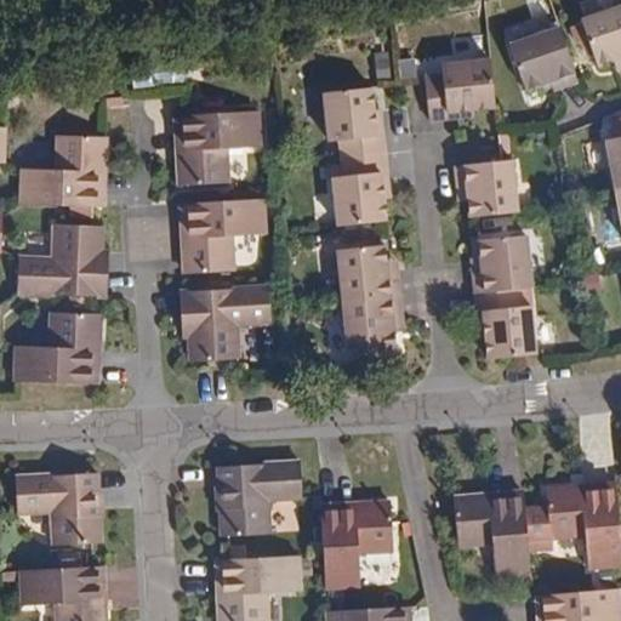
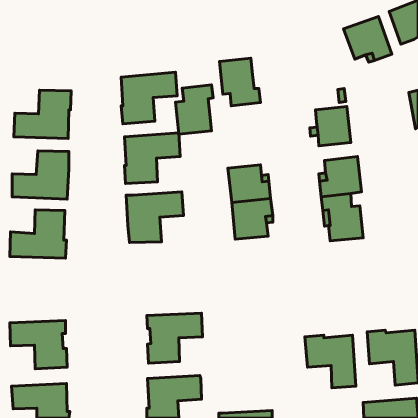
building: [426,56,496,119] -> none
building: [332,152,388,224] -> [176,85,213,134]
building: [319,502,391,589] -> none

